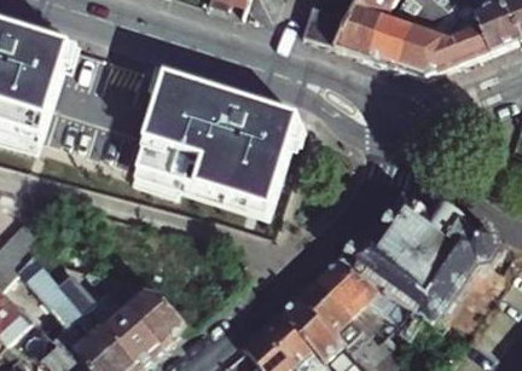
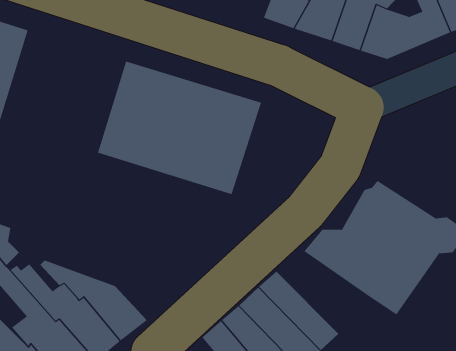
building: [315,267,408,348] -> none

